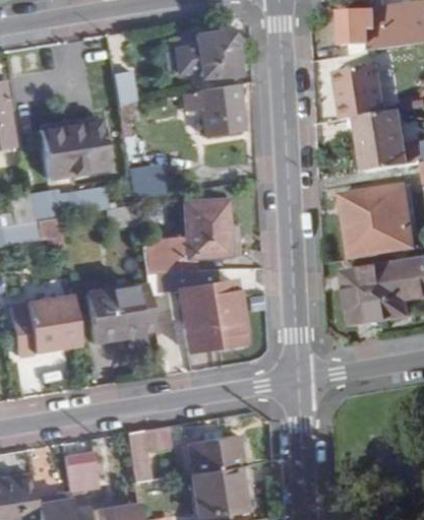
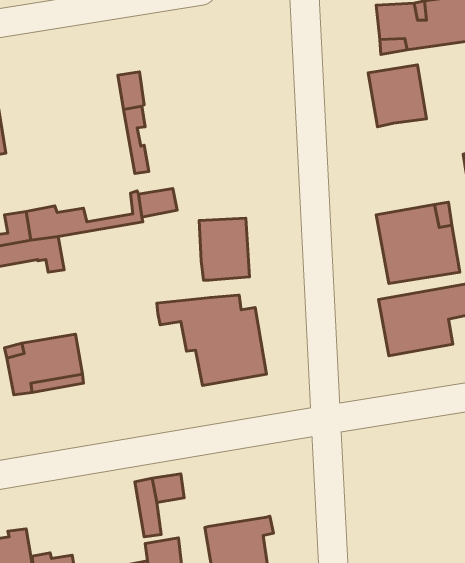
building: [181,26,238,76] -> none
building: [183,83,244,135] -> none
building: [357,110,409,171] -> none
building: [42,120,105,176] -> none
building: [141,238,194,275] -> none
building: [85,284,155,338] -> none
building: [188,431,244,473] -> none
building: [64,453,98,490] -> none

